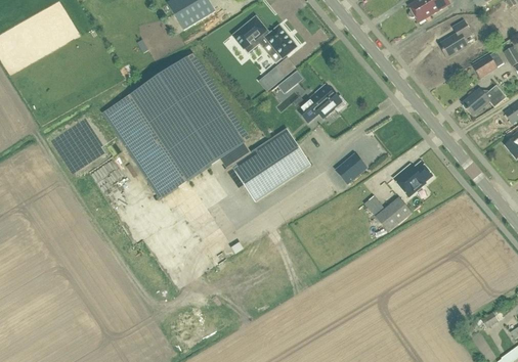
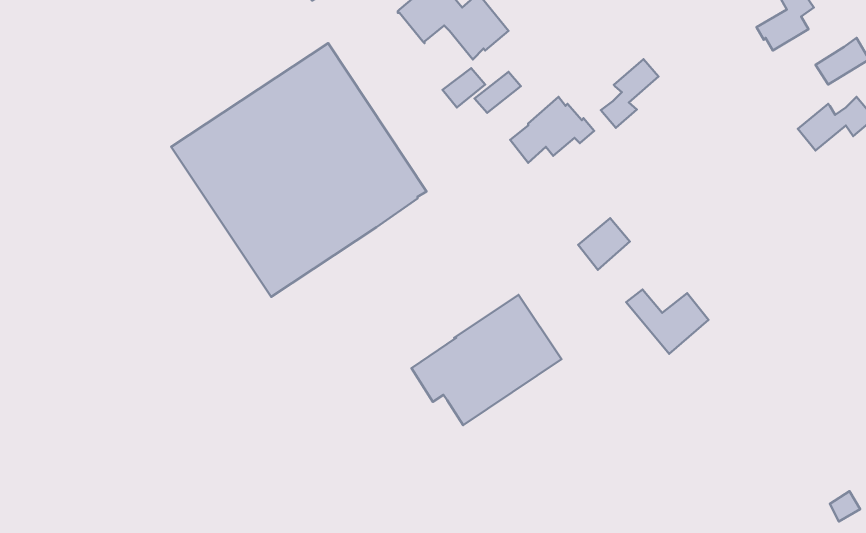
building: none -> [601,59,658,128]
building: [225,127,311,201] -> [411,295,561,425]
building: [393,161,431,196] -> none

